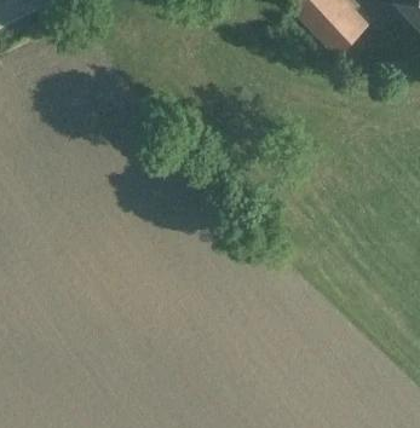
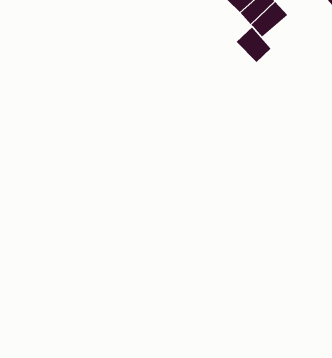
building: none -> [236,27,272,63]

